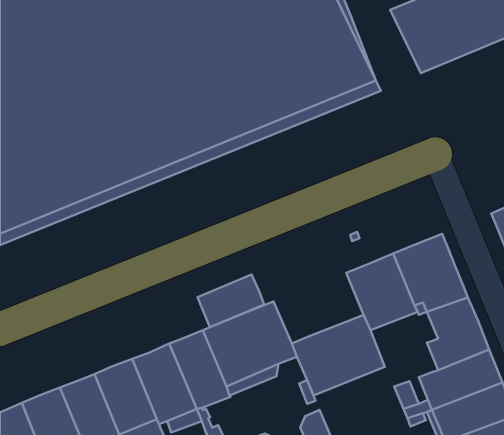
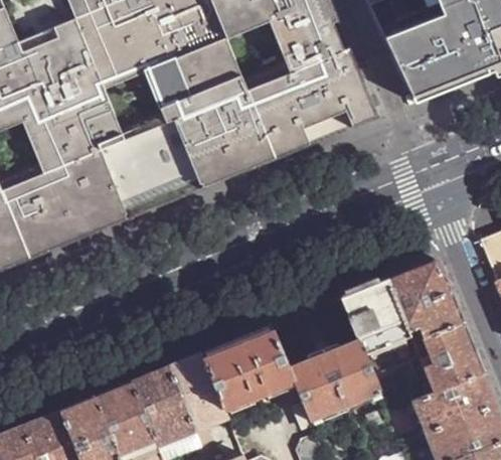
building: [197,275,264,327] -> none

